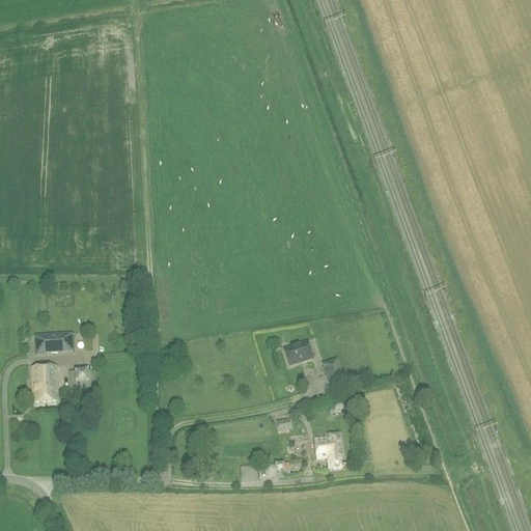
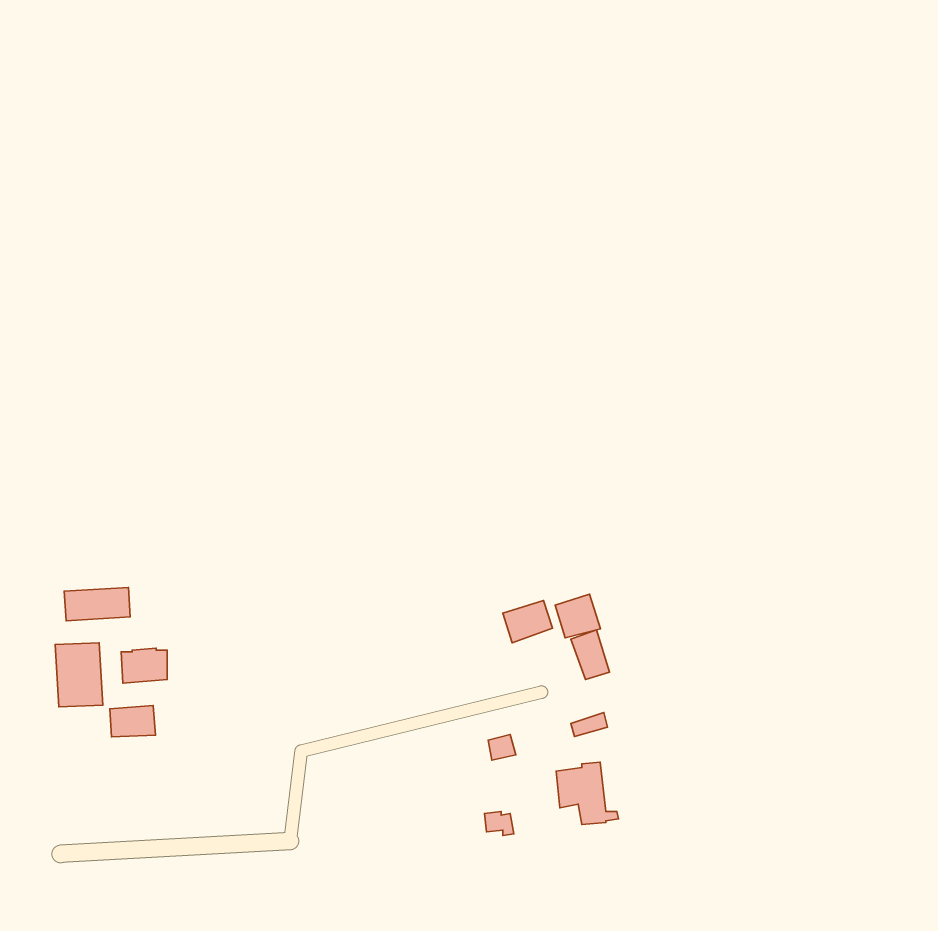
building: none -> [555,594,601,638]
building: none -> [110,705,155,737]

